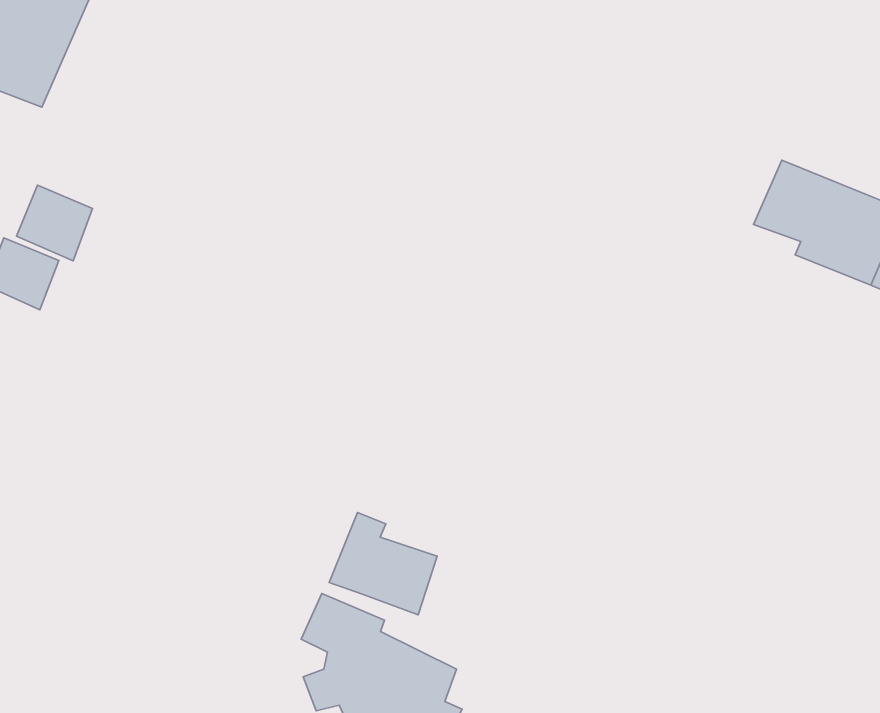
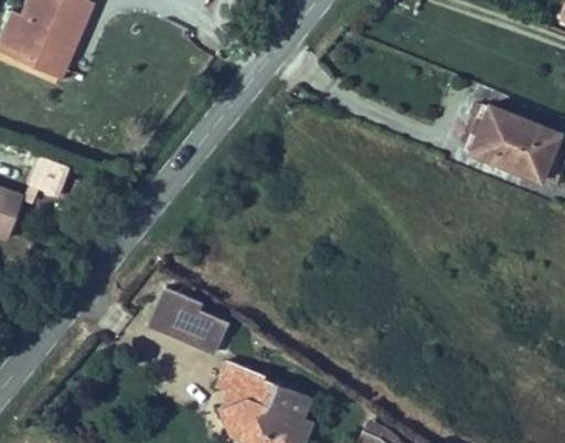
building: [16,185,92,261] -> none
building: [329,513,437,615] -> [149,288,212,348]

